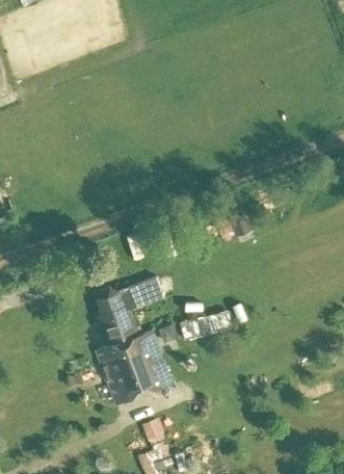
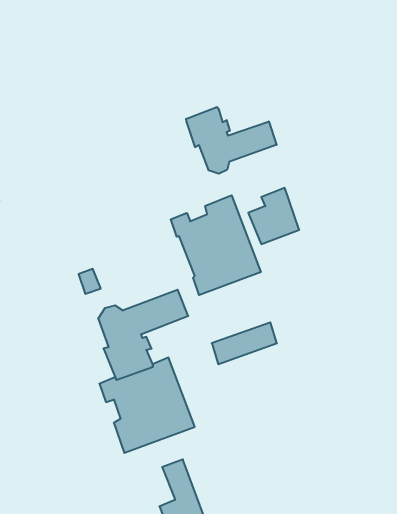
building: none -> [186,107,277,174]
building: none -> [171,195,261,295]

